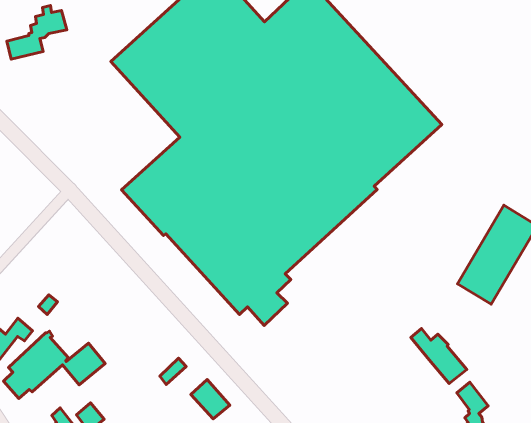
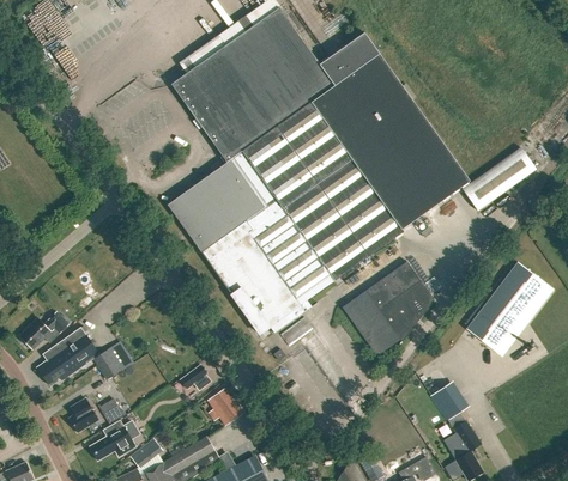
building: [7,5,67,59] -> none
building: none -> [461,147,536,211]
building: none -> [342,261,434,355]

